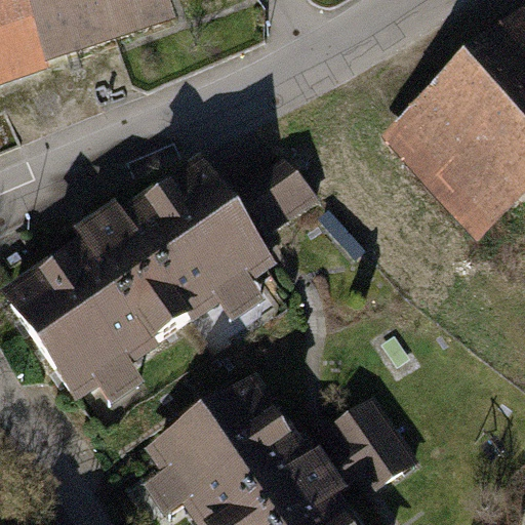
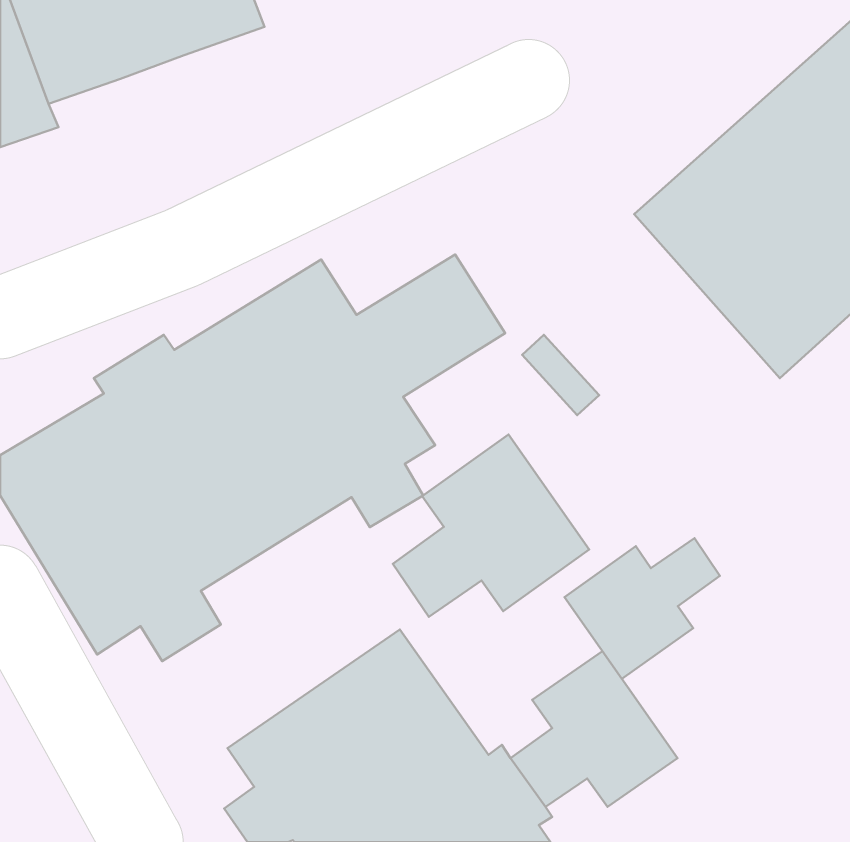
building: none -> [393,435,589,617]
building: none -> [564,538,720,679]

